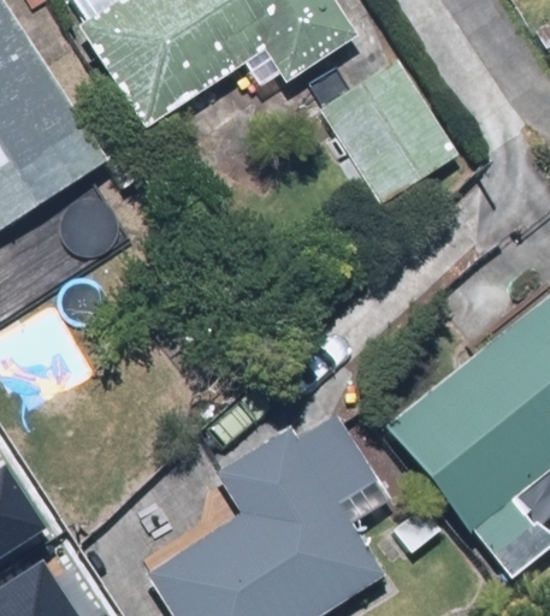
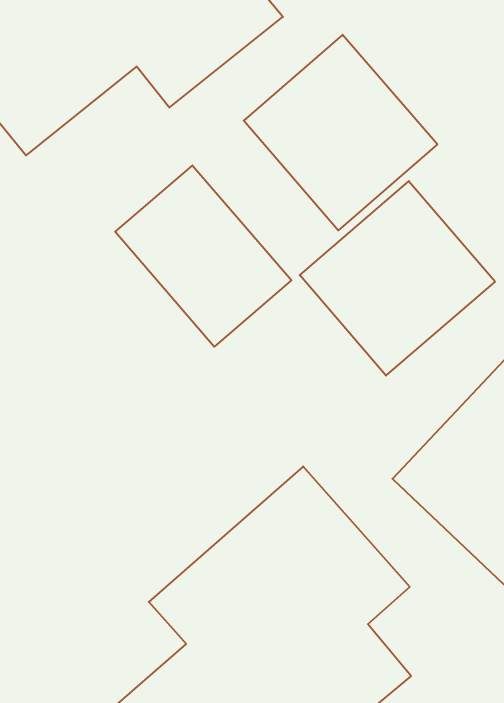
building: none -> [115,165,291,347]
building: none -> [300,181,495,376]

